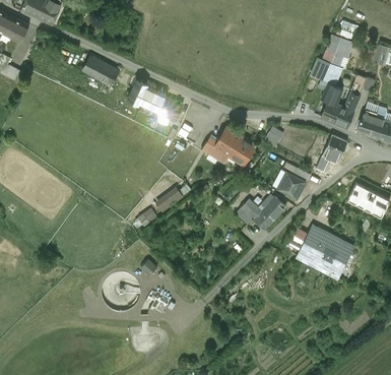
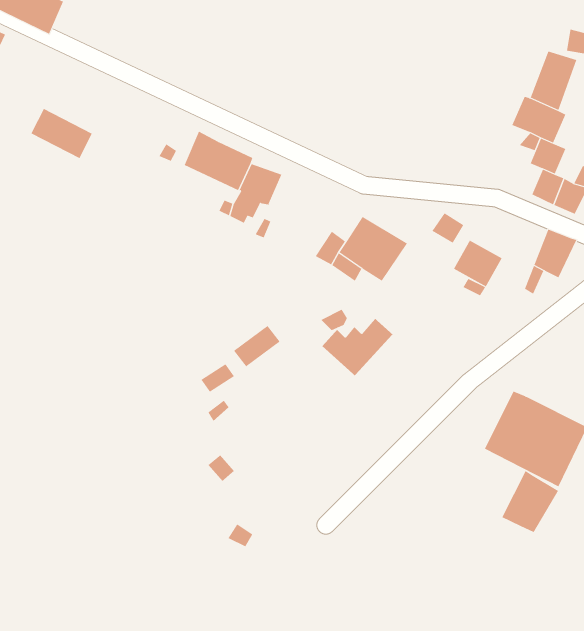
building: [83,56,118,84] -> [31,108,92,159]
building: [278,172,306,198] -> [453,240,502,287]
building: [246,196,286,230] -> [321,317,394,377]
building: none -> [502,470,559,533]

